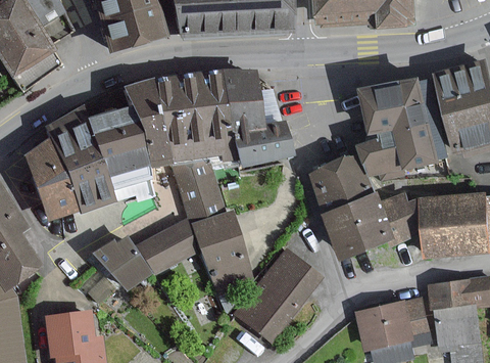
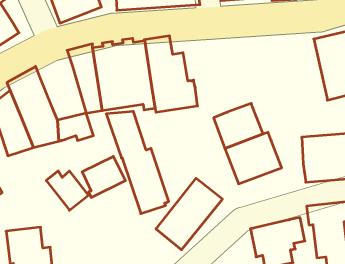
building: [359,78,435,179] -> none
building: [88,107,147,176] -> none
building: [383,194,424,242] -> none

